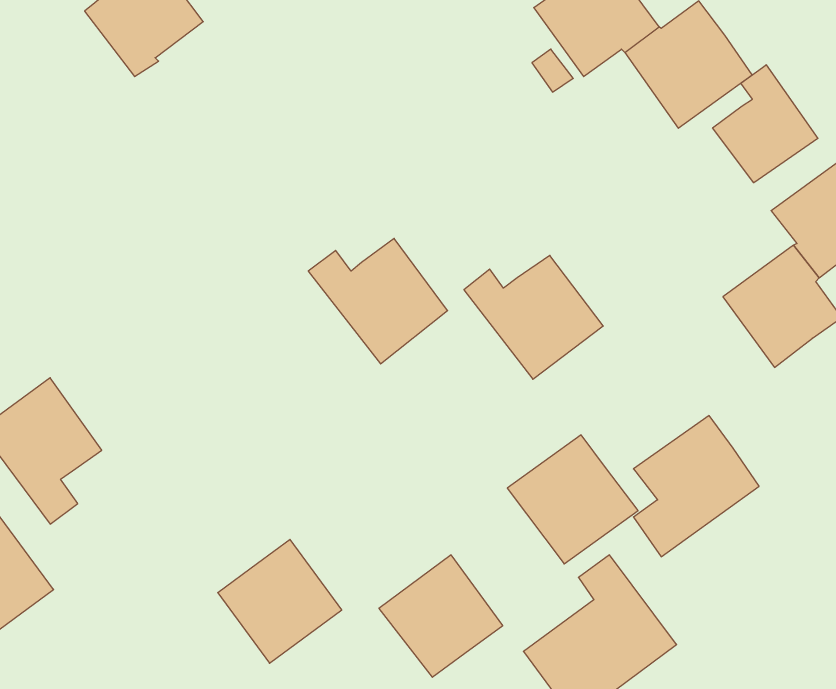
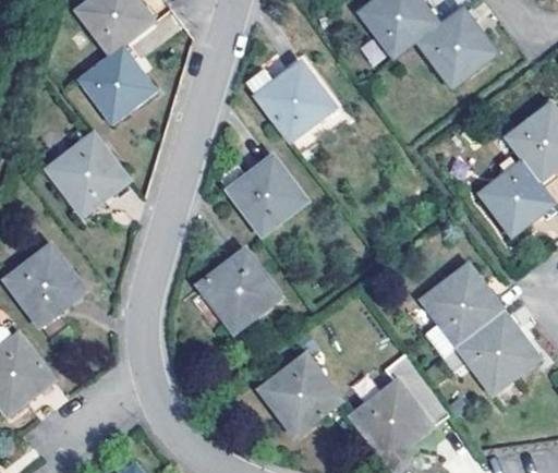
building: none -> [80,45,153,121]
building: [713,65,818,183] -> none
building: none -> [50,135,129,215]
building: [464,255,603,379] -> [245,62,333,141]
building: [507,435,638,564] -> [454,314,537,396]
building: [218,539,342,663] -> [201,251,279,329]

